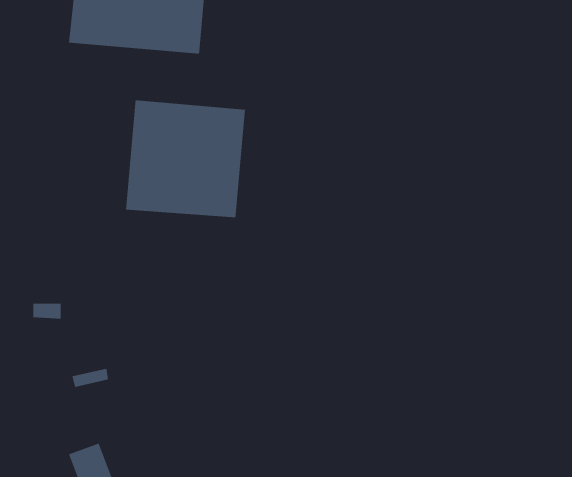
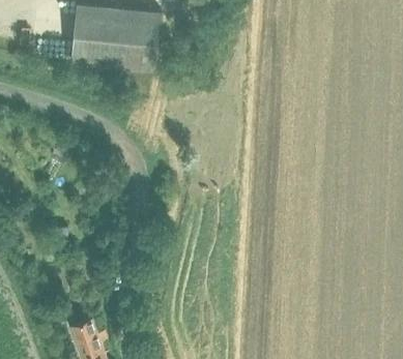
building: [125,100,245,218] -> none

